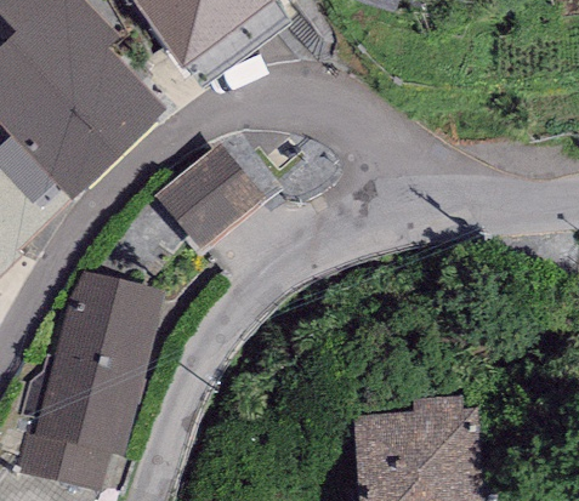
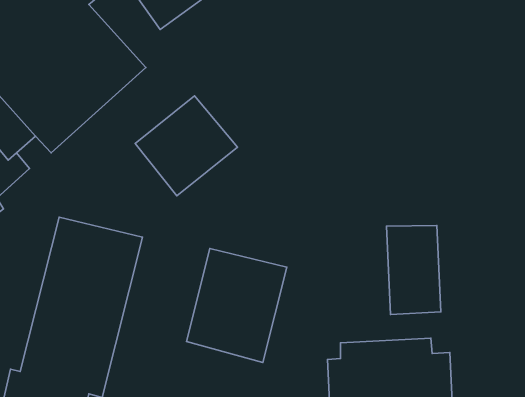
building: none -> [386,225,441,314]
building: none -> [187,248,287,362]

